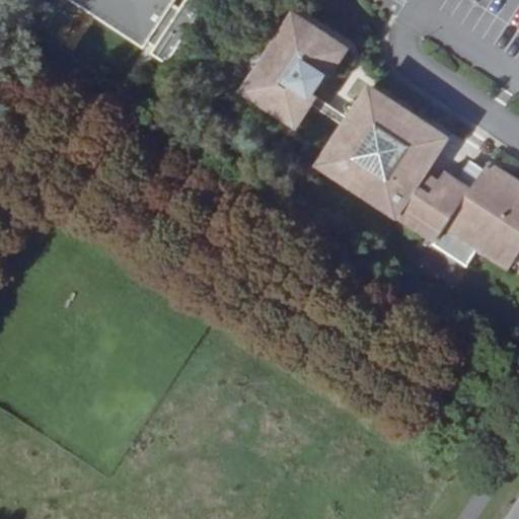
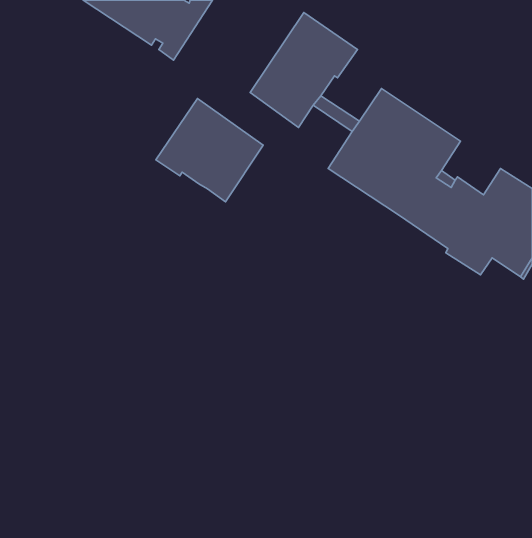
building: none -> [156,99,263,202]

